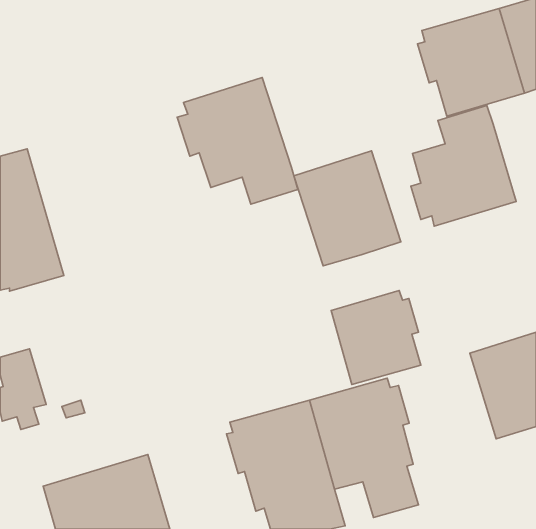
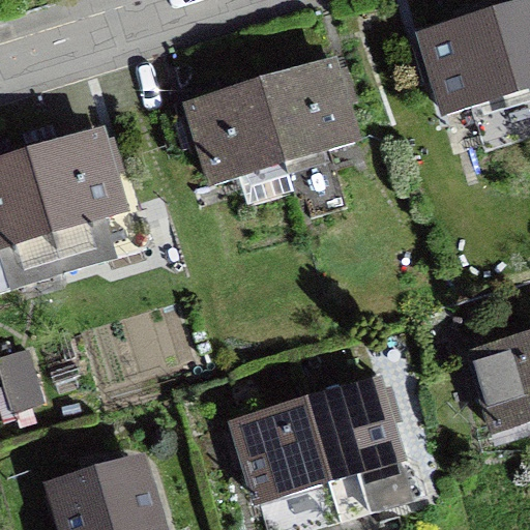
building: [411,106,516,226] -> none
building: none -> [27,124,137,272]
building: [294,151,401,266] -> [259,52,364,166]
building: [331,290,421,385] -> none

